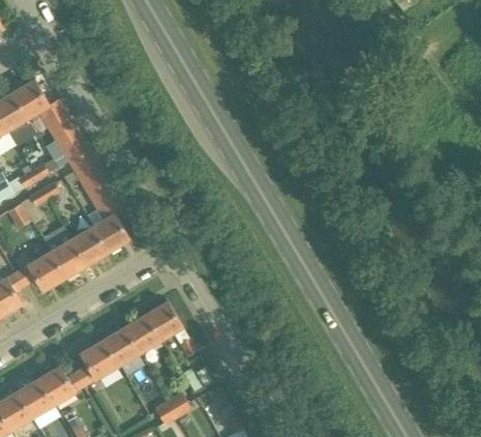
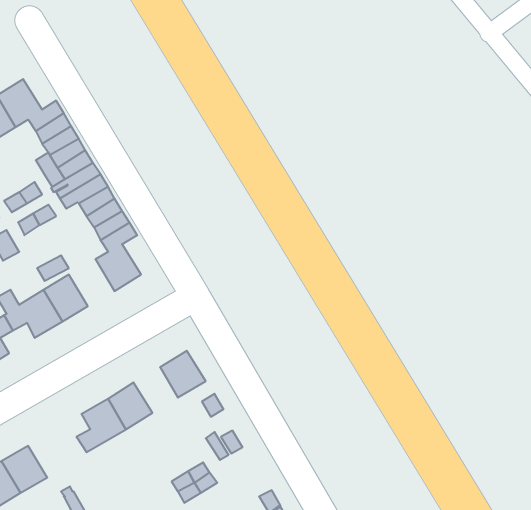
building: [70,228,108,266] -> none
building: [123,316,159,360] -> none
building: [37,367,85,406] -> none

